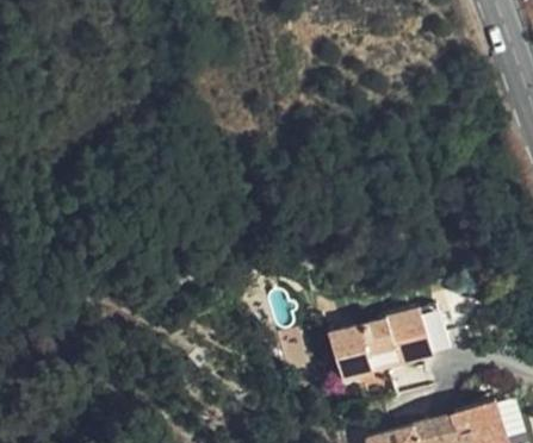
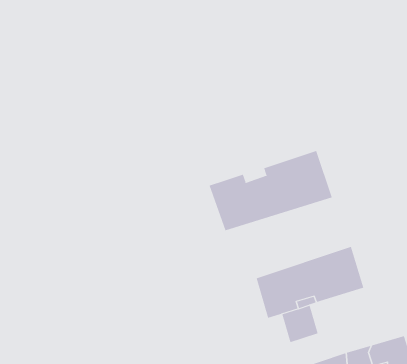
building: none -> [209,150,333,231]

